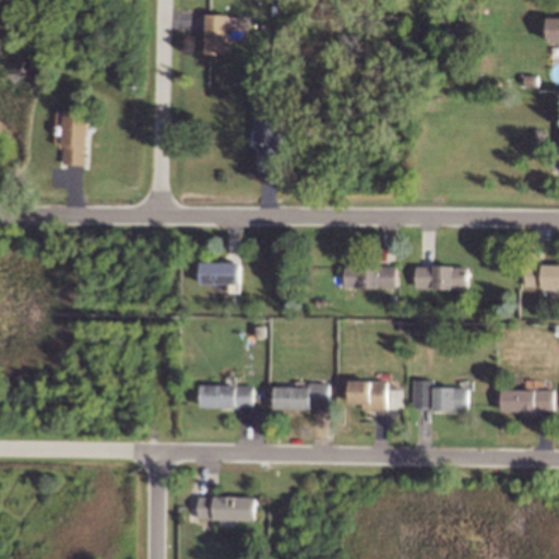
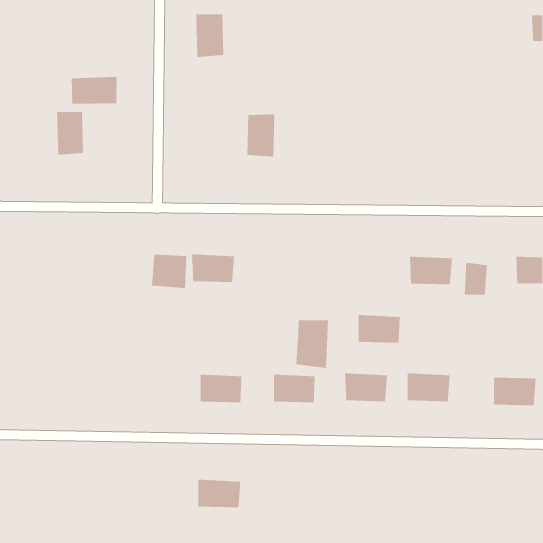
building: none -> [71,76,117,104]
building: none -> [152,254,187,289]
building: [348,261,392,290] -> [358,315,400,343]
building: none -> [464,262,487,296]
building: none -> [296,319,328,369]

